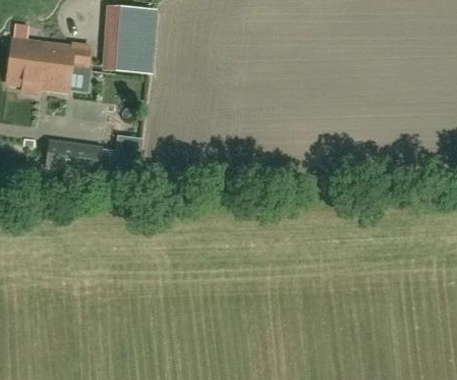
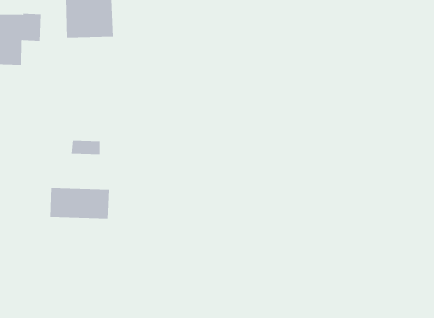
building: [46,141,102,173] -> [49,187,110,219]

